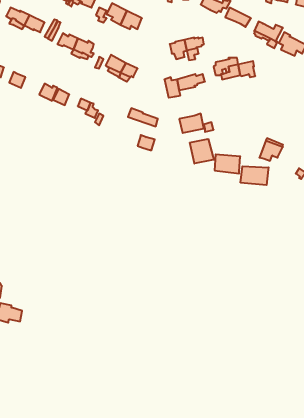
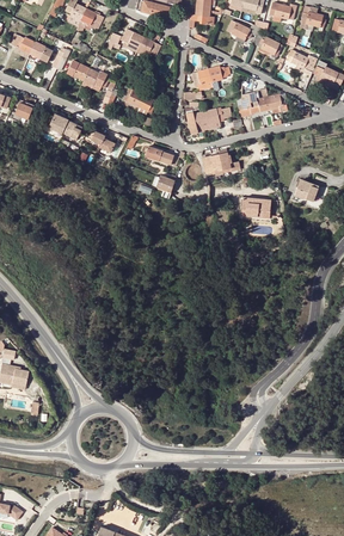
building: [190,139,214,164] -> none
building: [241,166,269,185] -> none

